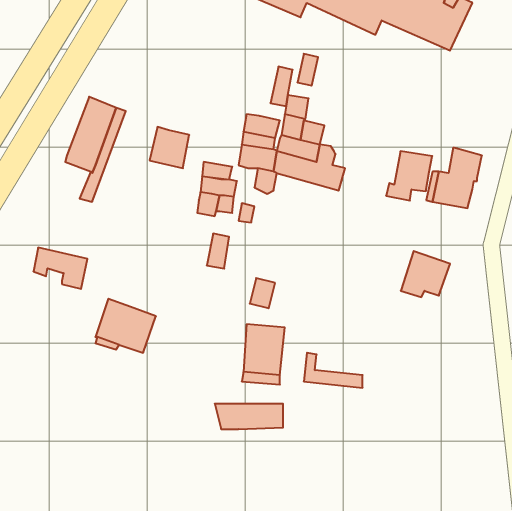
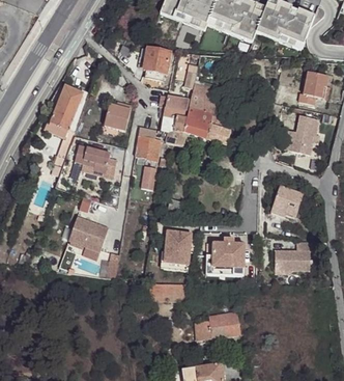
building: none -> [136,46,171,80]
building: [386,151,432,201] -> [298,72,328,104]
building: [33,248,87,289] -> [74,145,109,172]
building: none -> [270,238,310,268]
building: none -> [211,239,245,265]
building: none -> [194,308,240,338]

